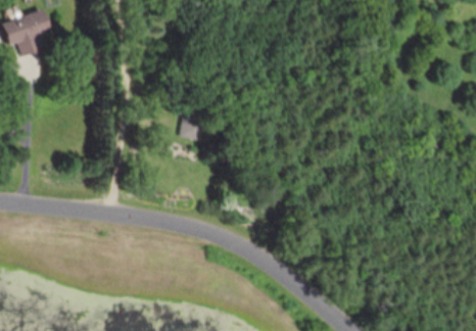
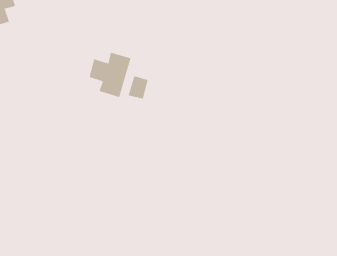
building: none -> [89,52,131,98]

